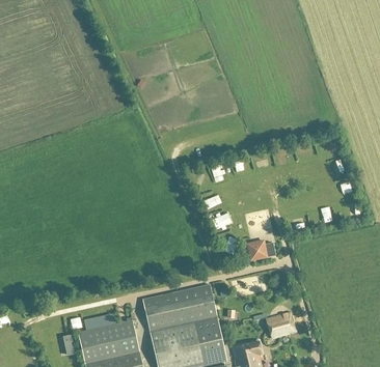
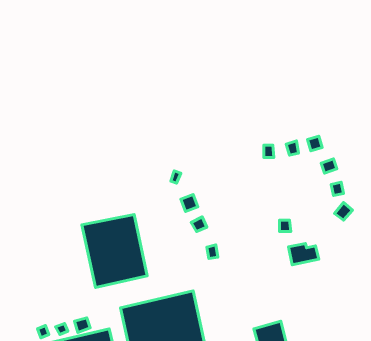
building: none -> [82,214,147,287]
building: [247,241,275,260] -> [289,243,319,265]

